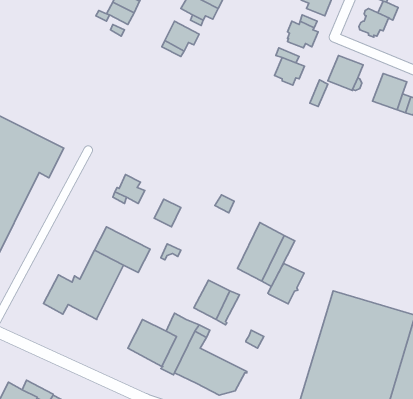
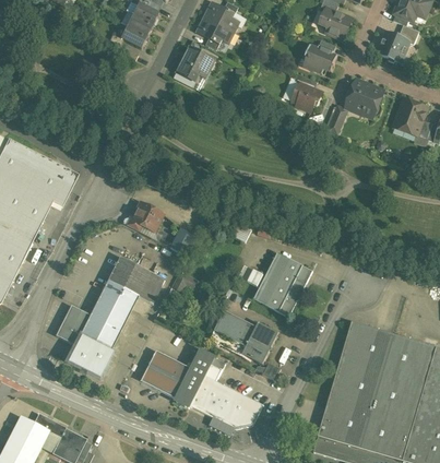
building: [268,263,304,304] -> [241,322,278,364]
building: none -> [67,335,112,378]

